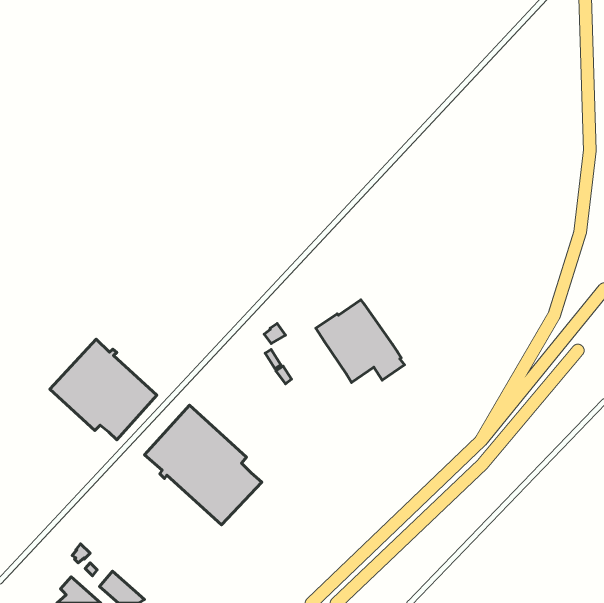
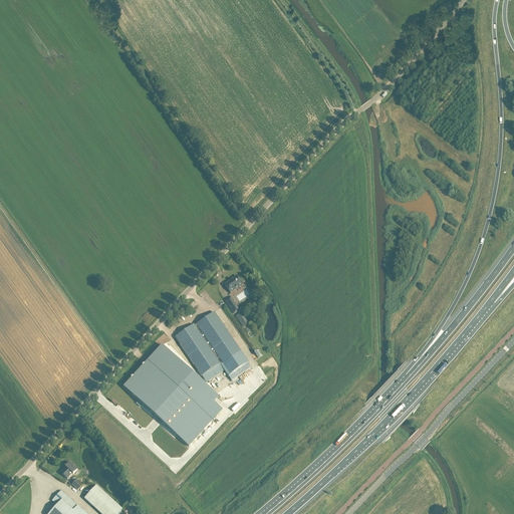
building: [316,300,405,383] -> [175,311,250,381]
building: [50,339,157,440] -> none

